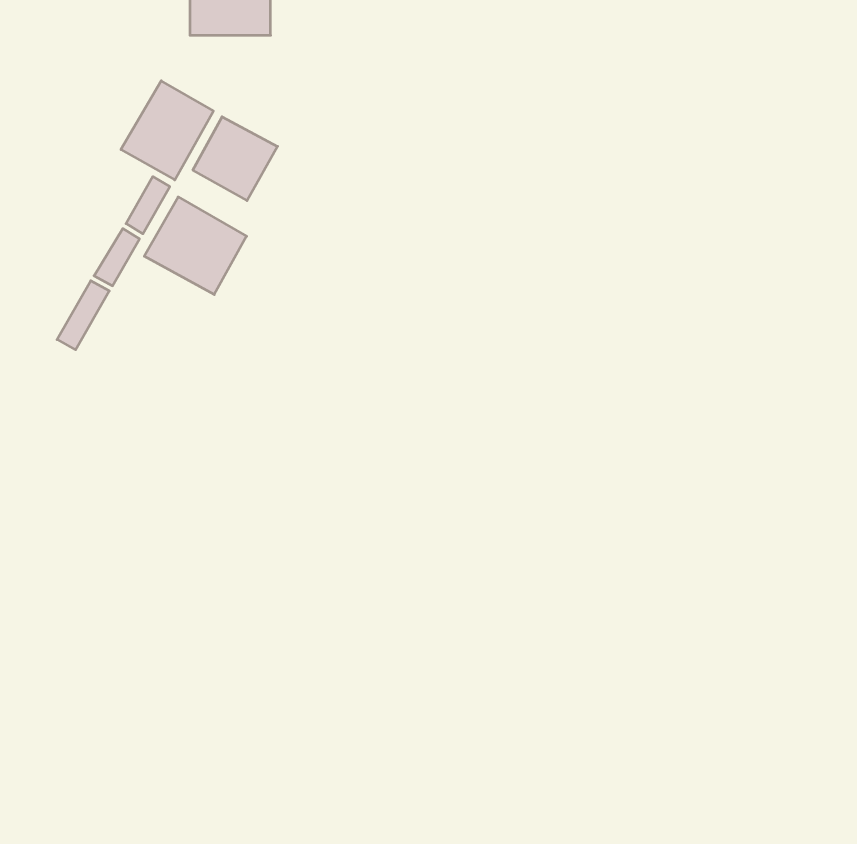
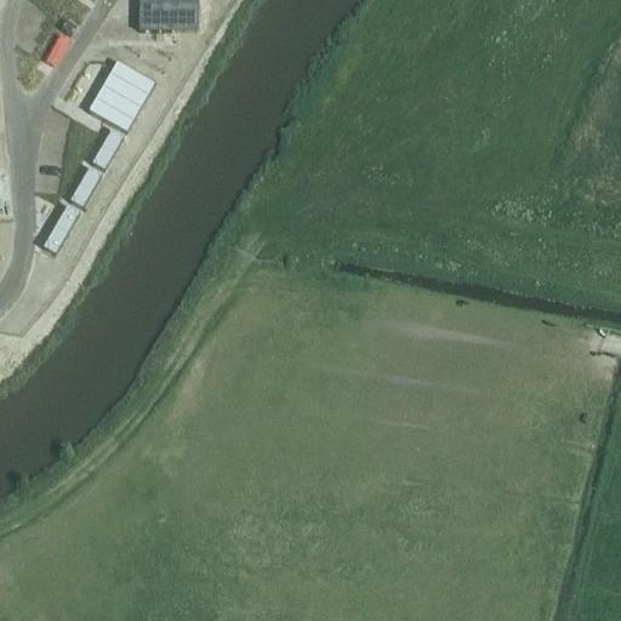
building: [193,117,278,201] -> none
building: [144,197,247,295] -> none

